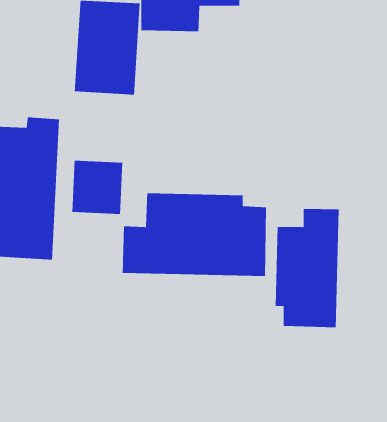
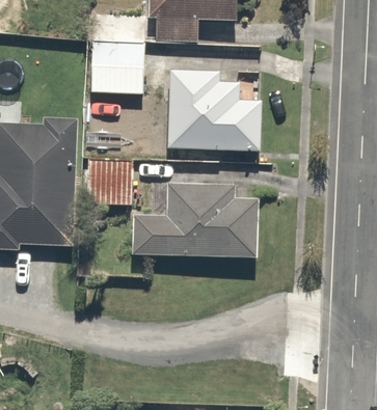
building: none -> [168,71,264,152]
building: [275,208,339,328] -> none

